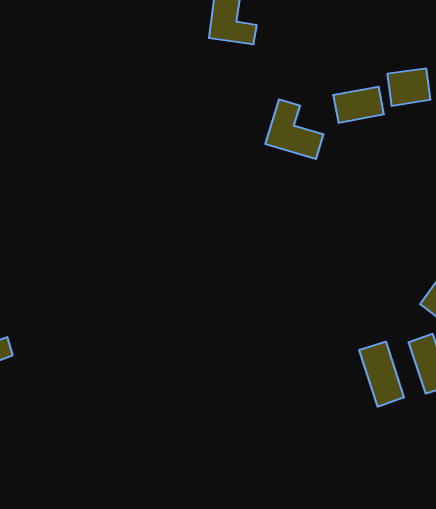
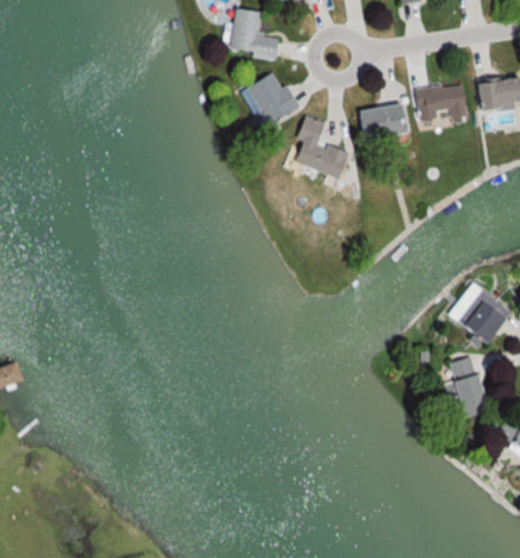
building: none -> [249,71,303,124]
building: [359,342,404,407] -> none

